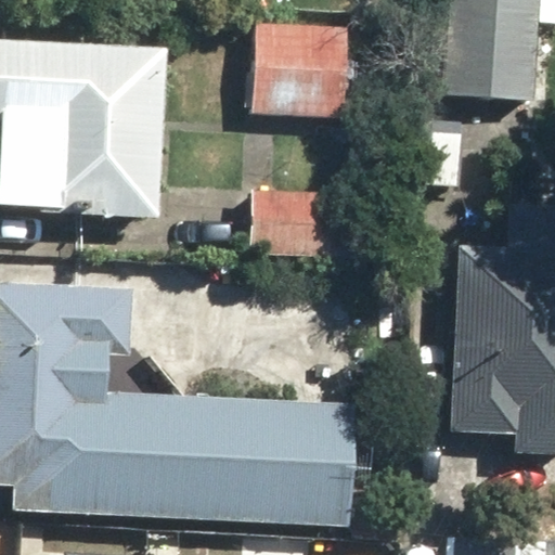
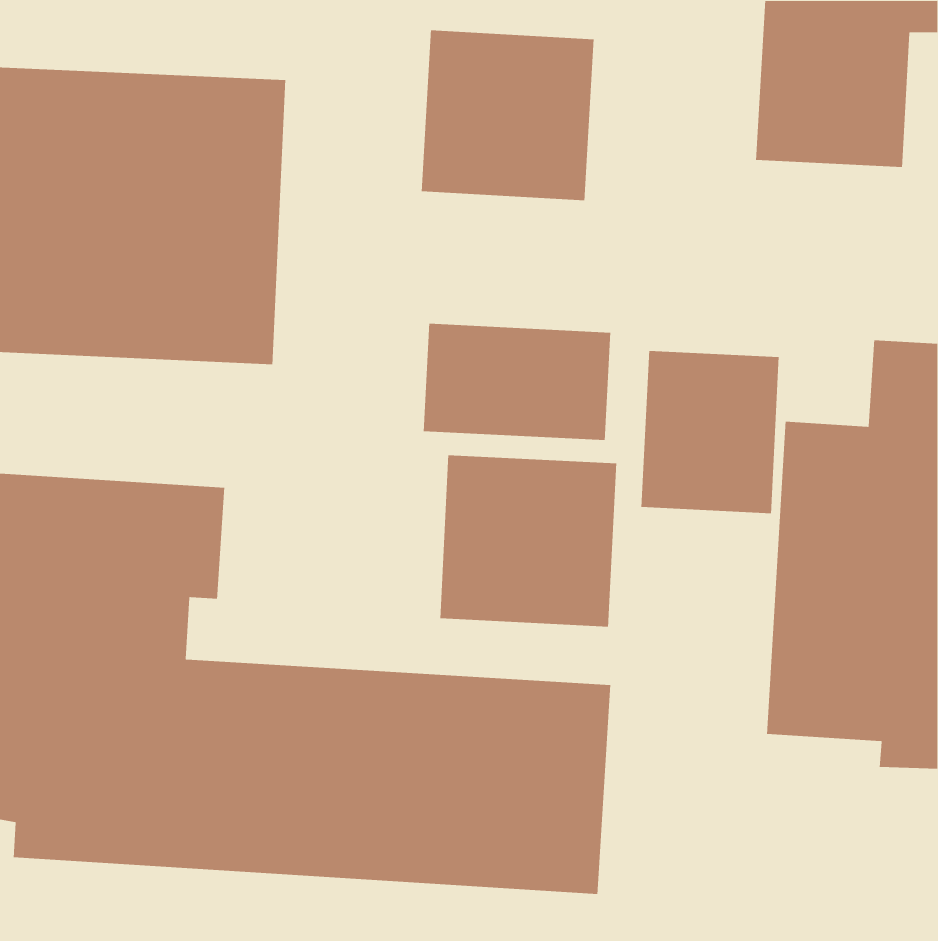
building: none -> [640,350,780,514]
building: none -> [439,454,617,627]

